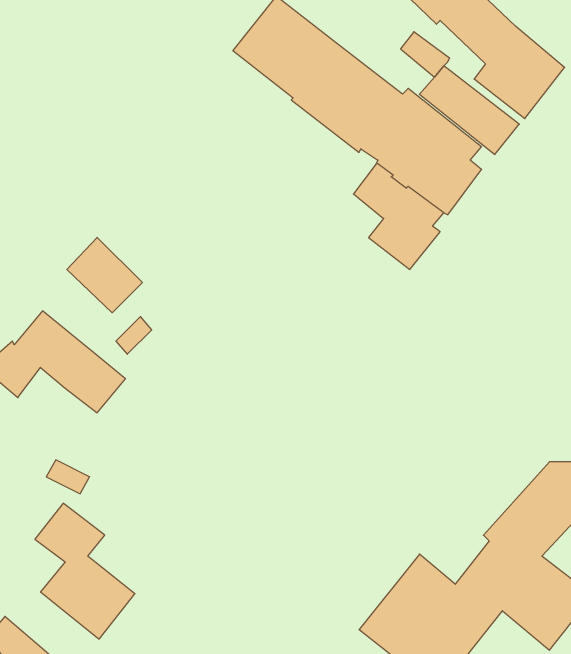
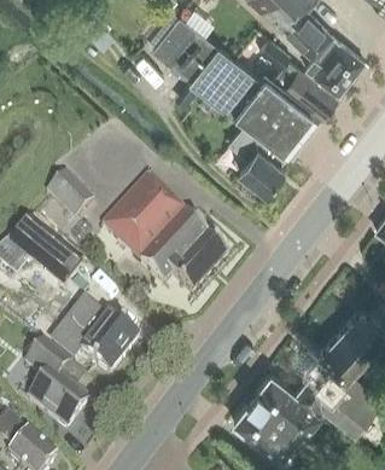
building: none -> [101,175,228,295]
building: none -> [53,304,139,375]

